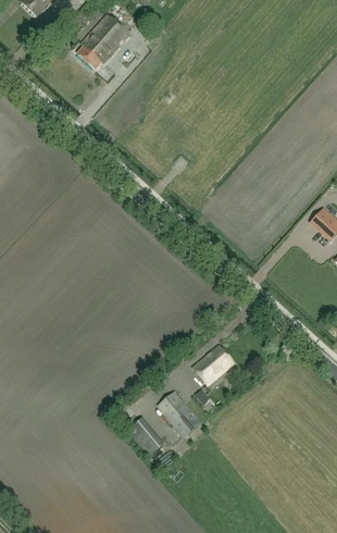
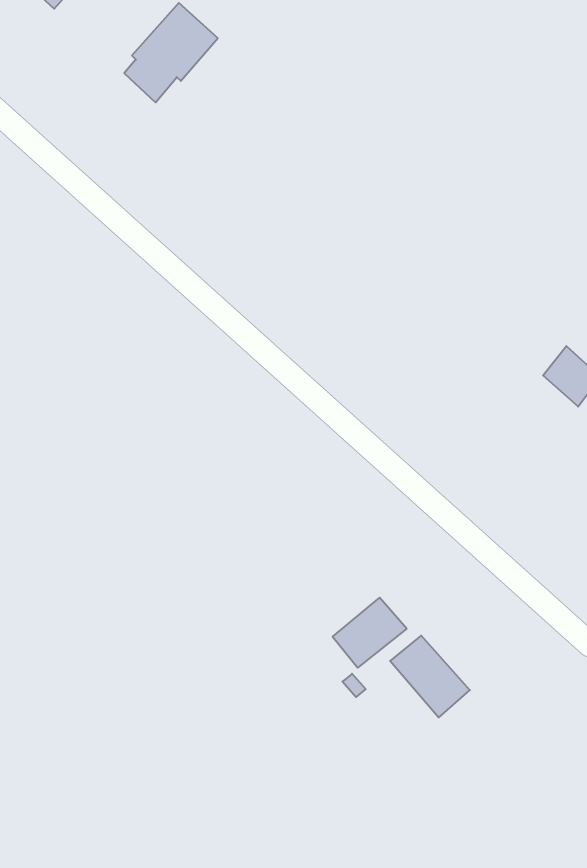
building: [157,391,201,436] -> [390,636,470,717]
building: [127,417,163,455] -> none

